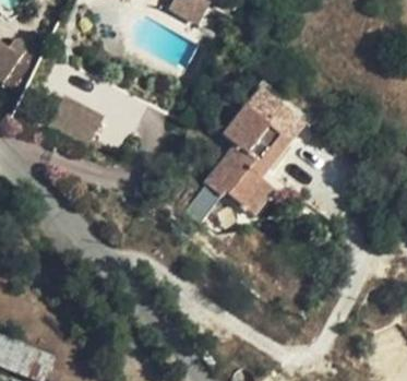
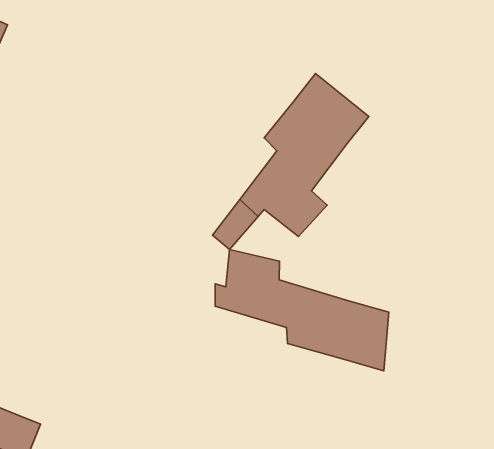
building: none -> [215,250,389,371]

